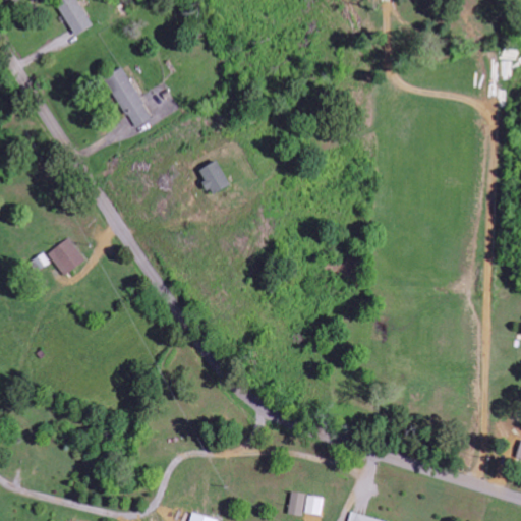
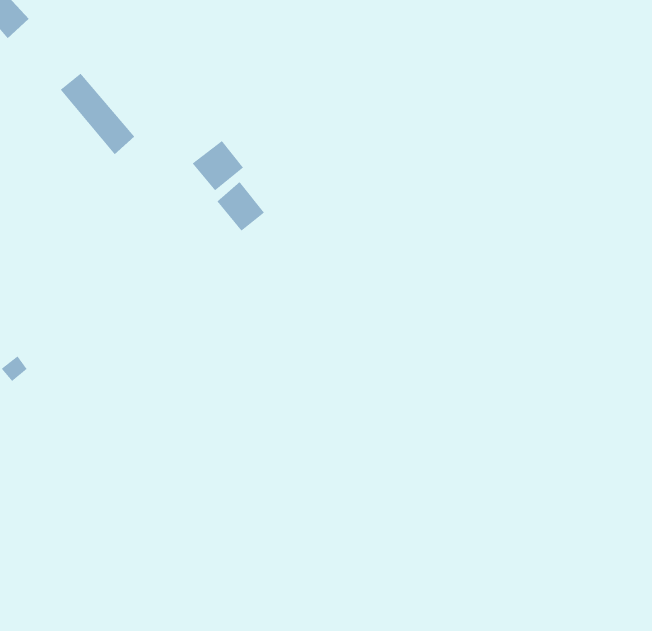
building: none -> [192,140,244,191]
building: [49,237,85,275] -> none

